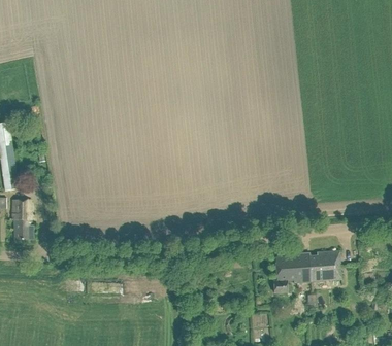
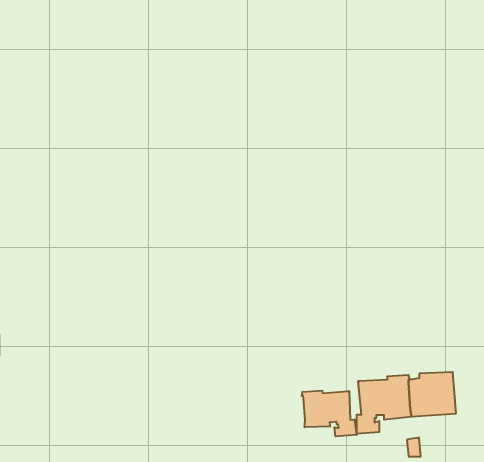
building: none -> [302,391,357,436]

